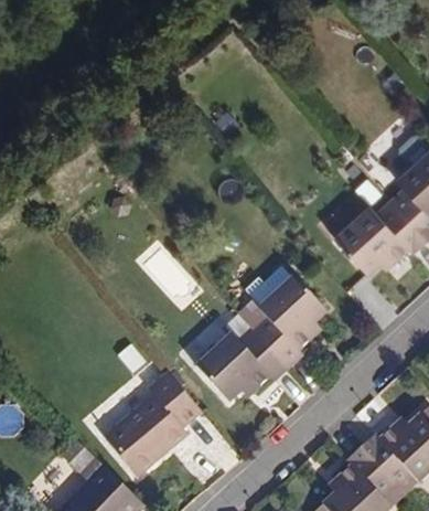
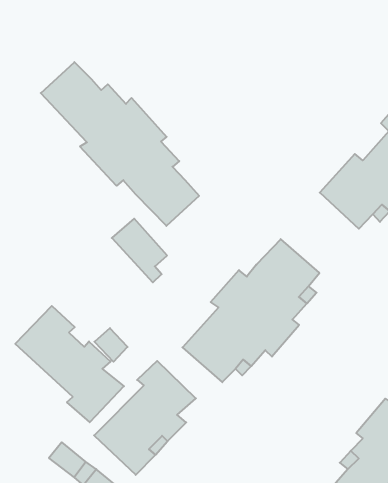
building: none -> [41,62,199,226]
building: none -> [15,306,124,422]

